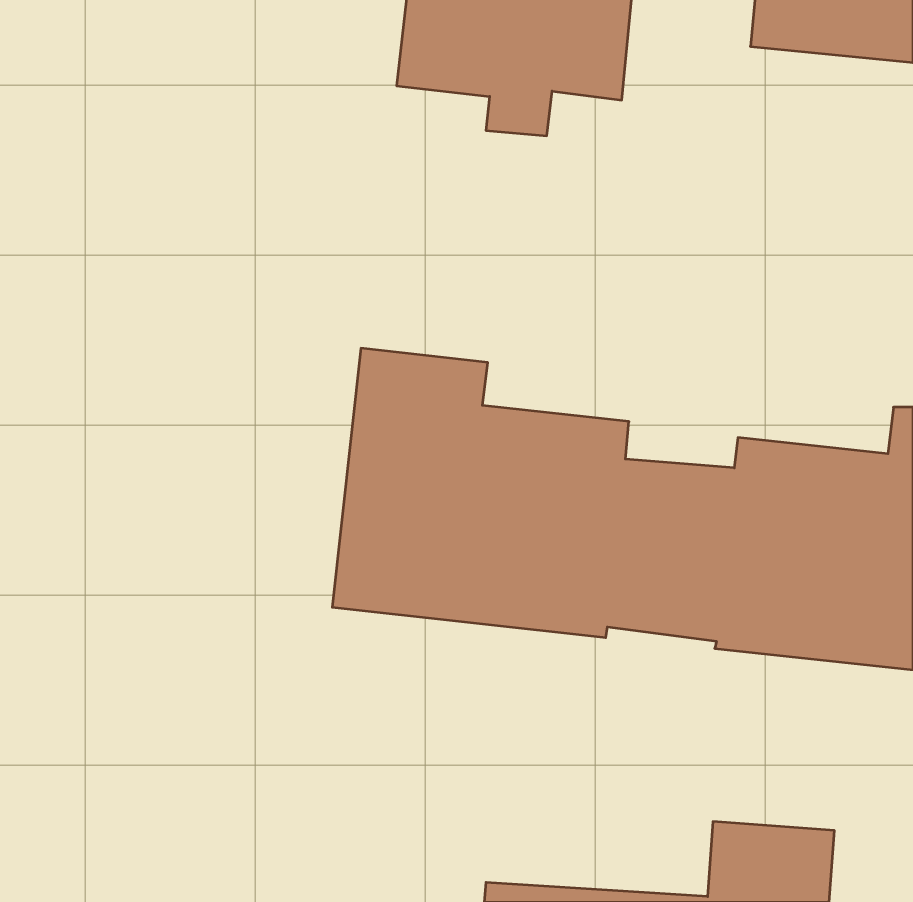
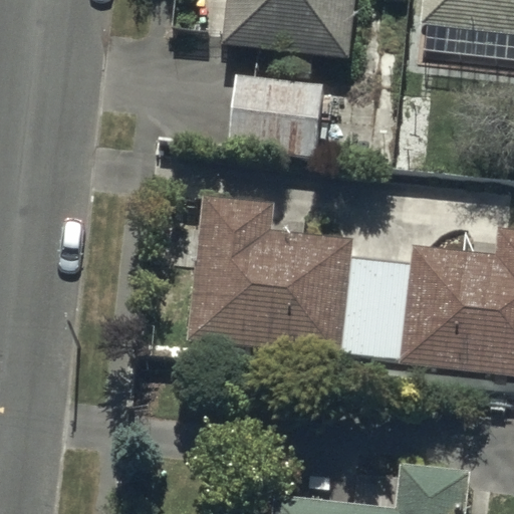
building: none -> [228,77,321,153]

